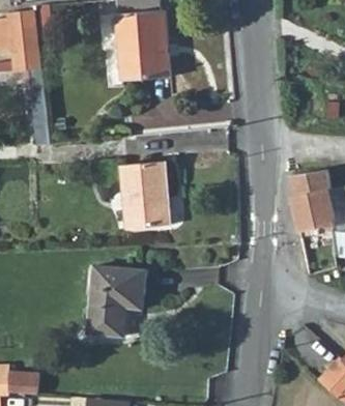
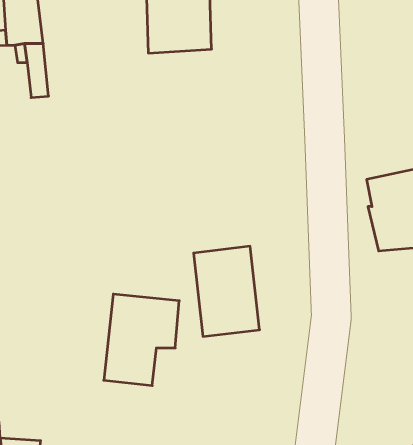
building: [120,160,171,229] -> [194,246,260,336]

